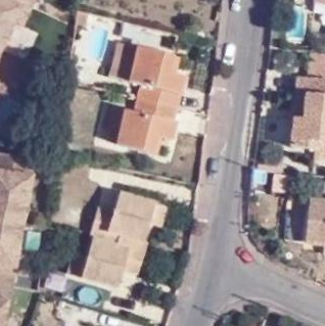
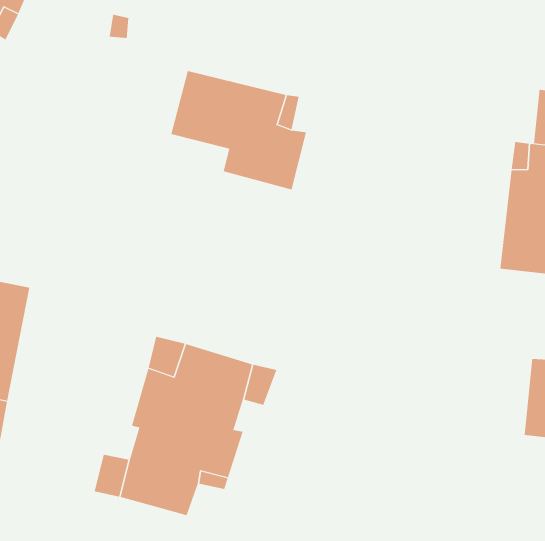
building: [115,97,177,153] -> none

